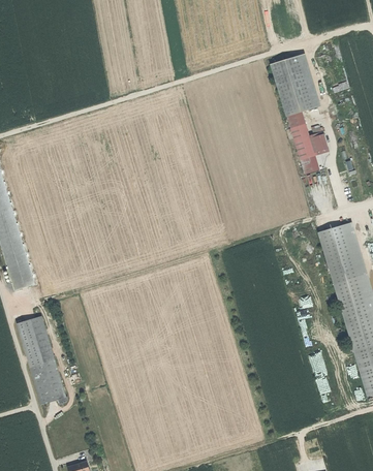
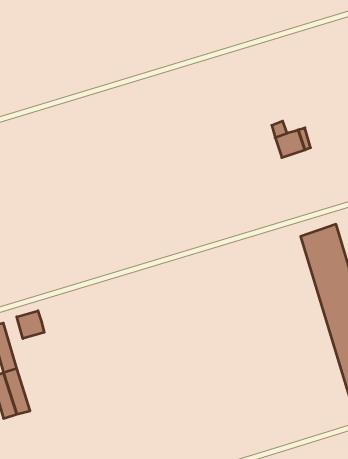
building: [270,56,315,116] -> none
building: none -> [17,311,44,339]

